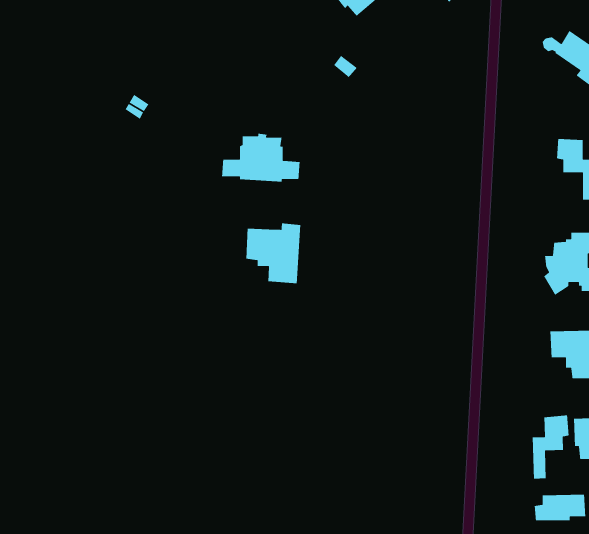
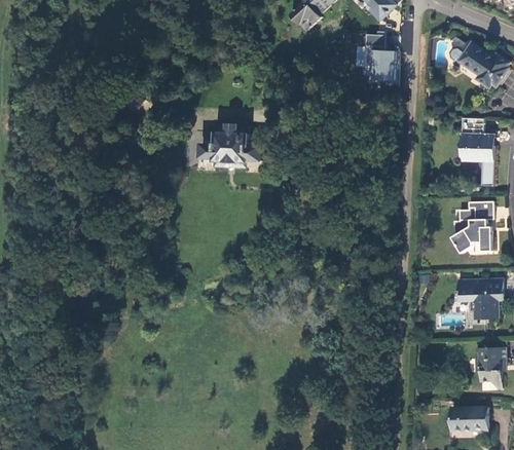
building: none -> [353,34,397,84]
building: [246,222,301,284] -> none
building: [532,415,570,479] -> none

